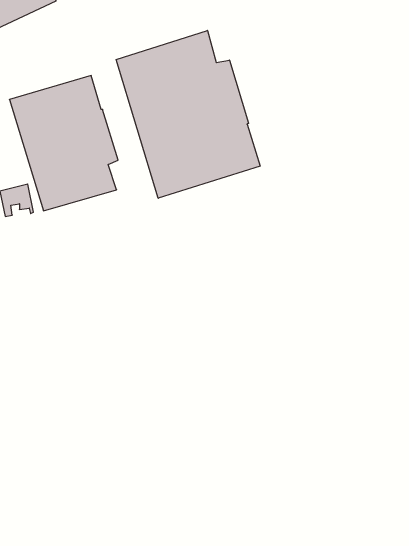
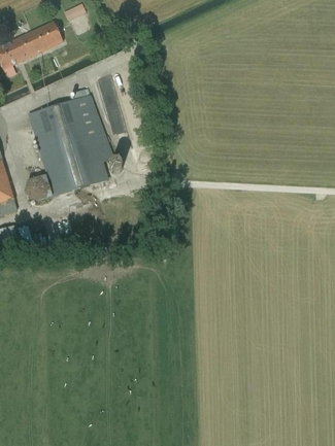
building: [116,30,260,198] -> none

